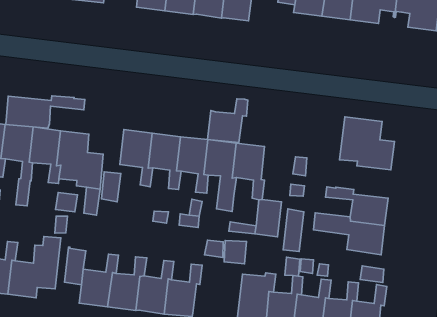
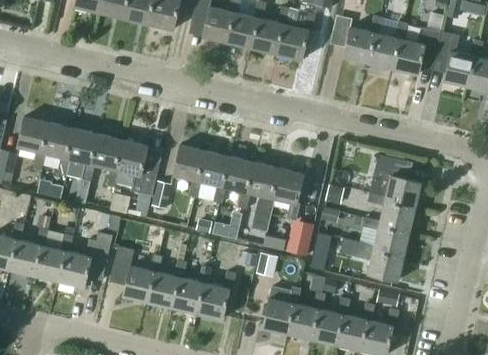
building: [6,96,85,128] -> none
building: [208,99,248,143] -> none
building: none -> [367,192,414,231]

